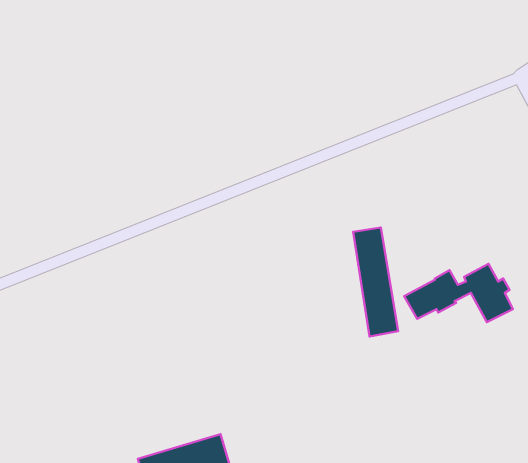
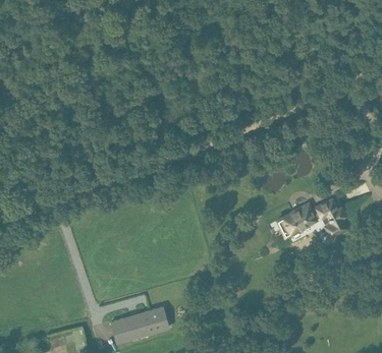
building: [353,228,398,336] -> none

